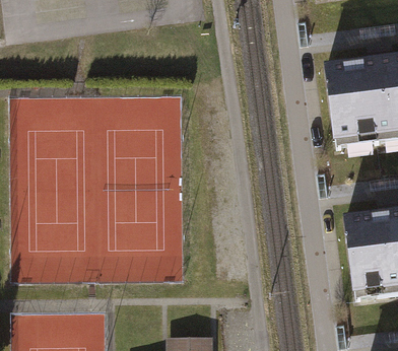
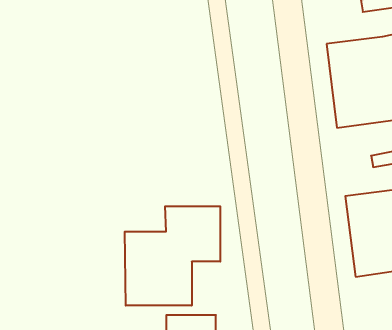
building: none -> [125,206,220,306]

